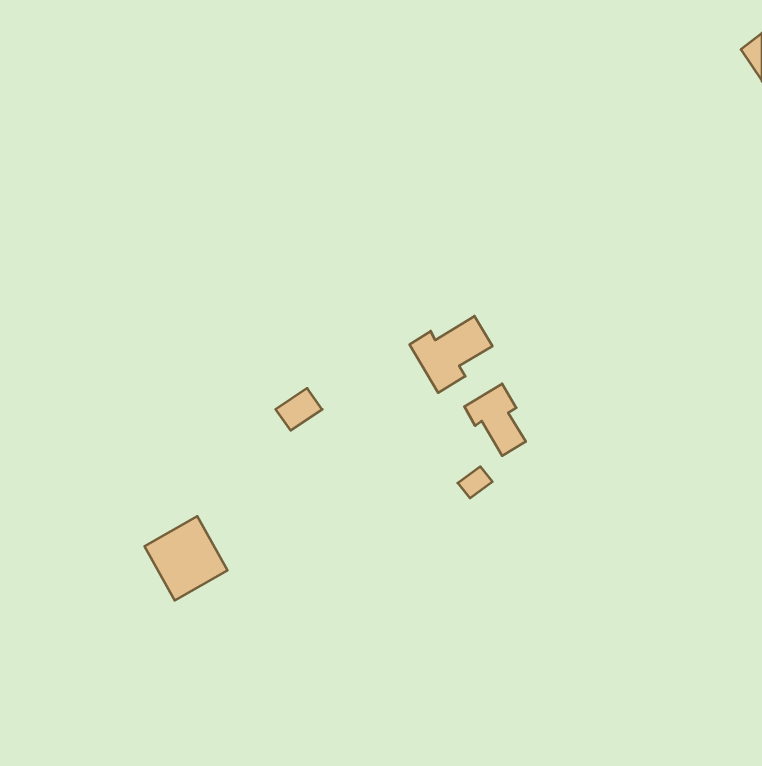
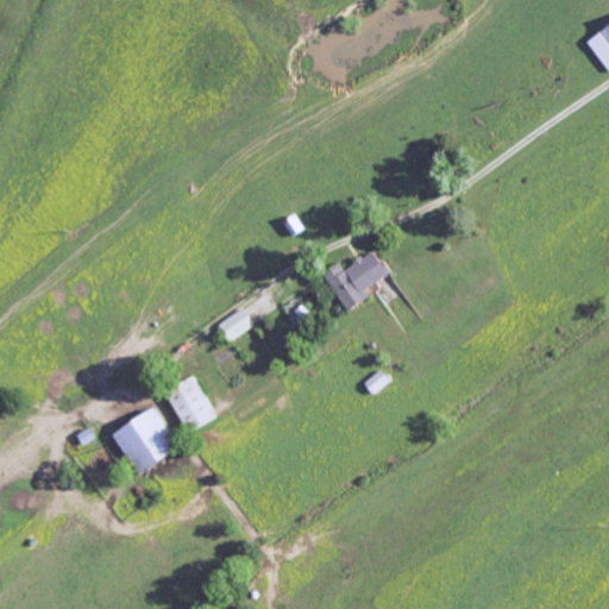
building: [464,384,526,456] -> none
building: none -> [165,376,215,431]

